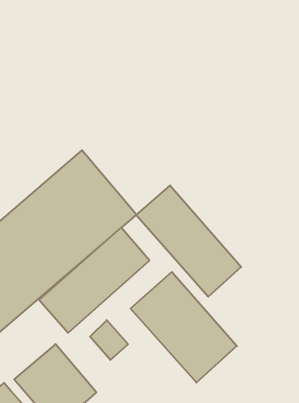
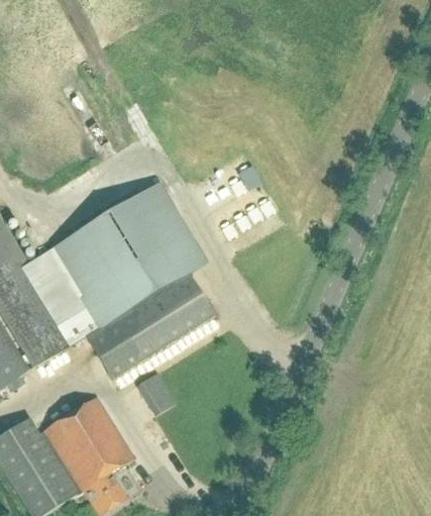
building: [136,185,241,297] -> none
building: [131,272,237,383] -> none

